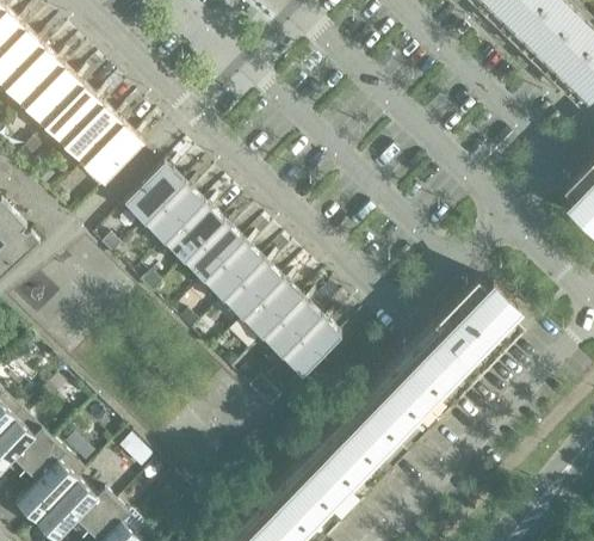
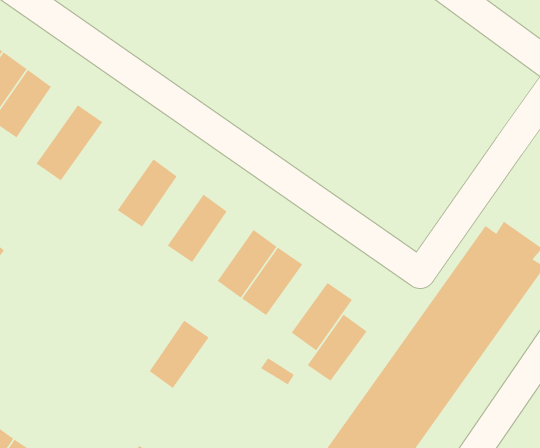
building: [67,106,125,166] -> none
building: [125,165,185,225] -> none
building: [166,203,224,263] -> none
building: [205,241,264,301] -> [149,320,210,389]
building: [264,299,322,357] -> [307,314,367,382]

